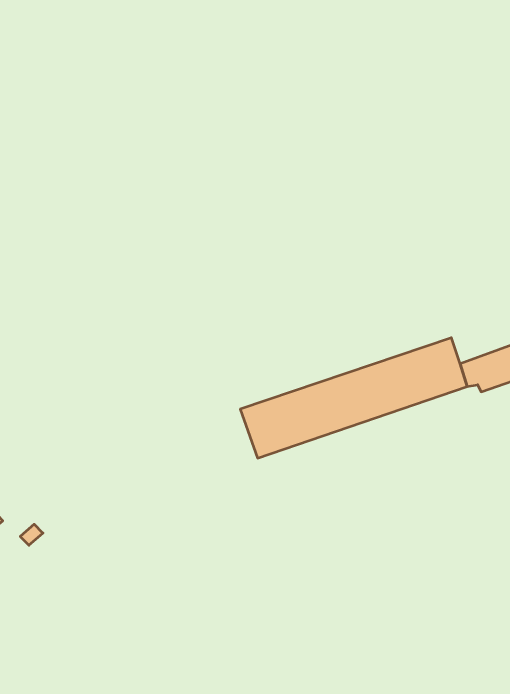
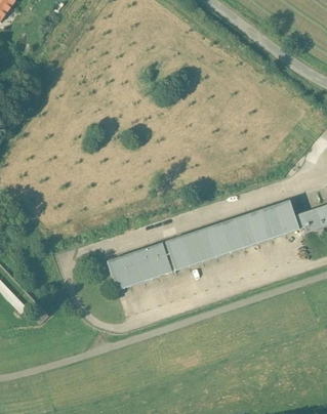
building: none -> [107,242,171,289]

